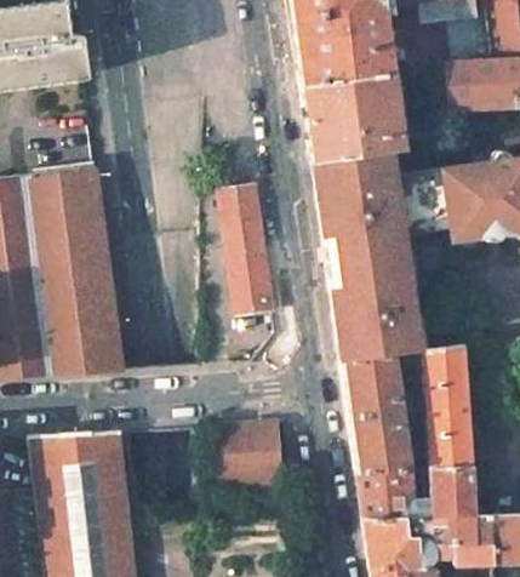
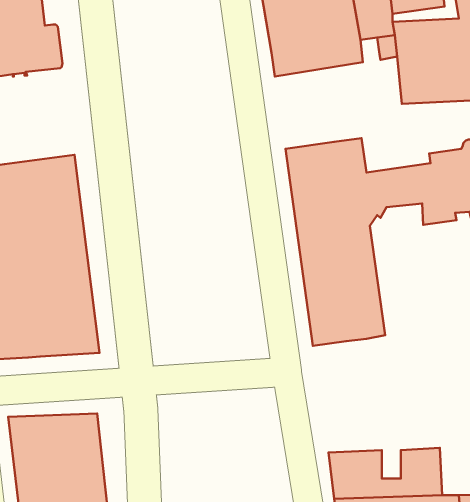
building: [303,72,404,160] -> none
building: [219,183,274,315] -> none
building: [422,344,472,468] -> none
building: [342,354,412,470] -> none
building: [215,421,282,492] -> none

